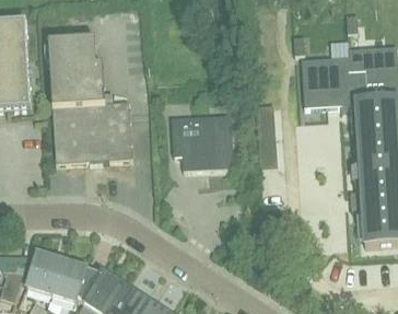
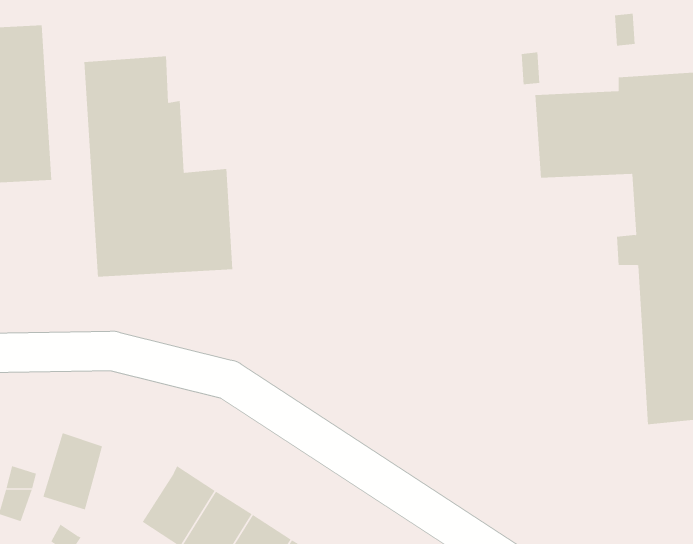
building: [256,103,278,167] -> none
building: [172,115,234,170] -> none
building: [49,257,98,301] -> none

